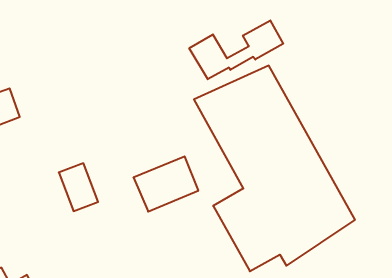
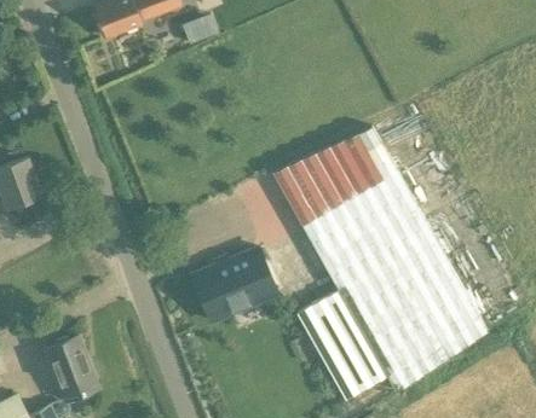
building: [189,20,283,79] -> none
building: [59,163,98,211] -> [46,337,98,400]

